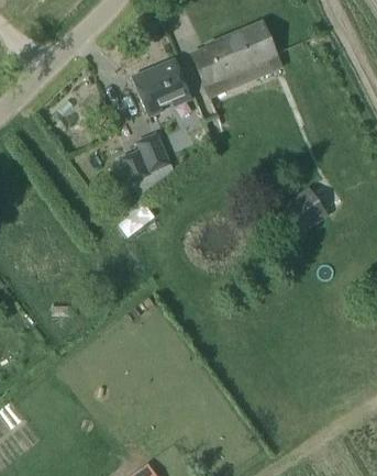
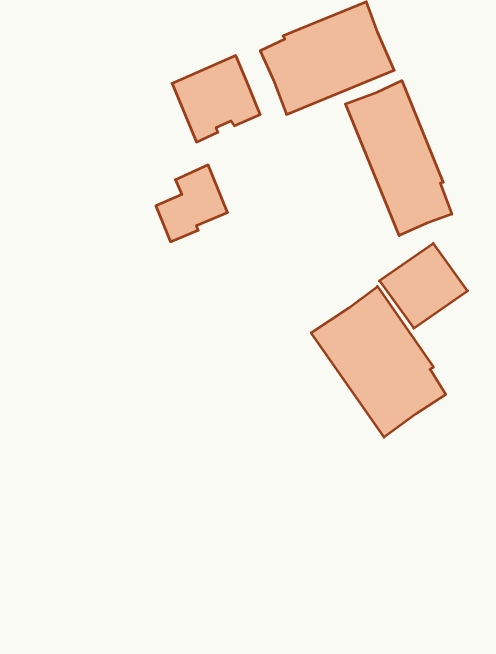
building: none -> [345,81,452,236]
building: none -> [311,286,446,437]

